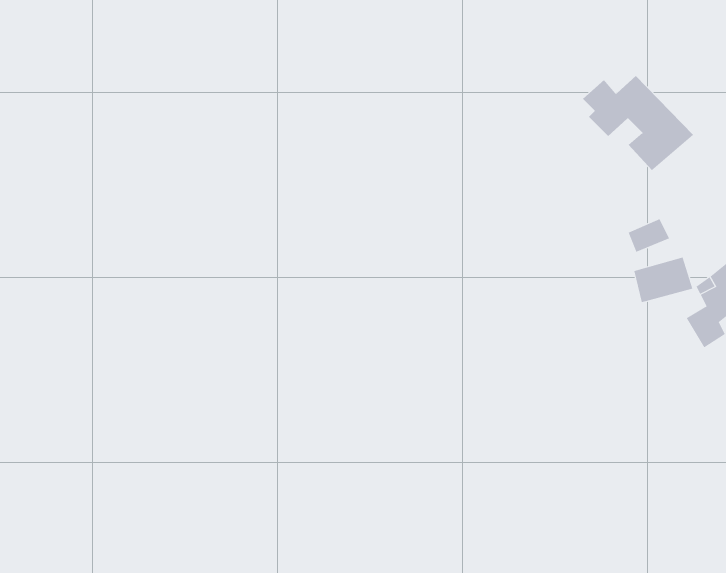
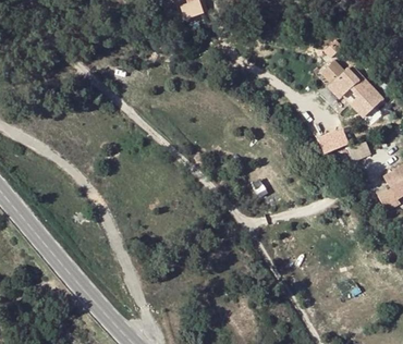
building: [633,257,693,303] -> [317,127,350,152]

